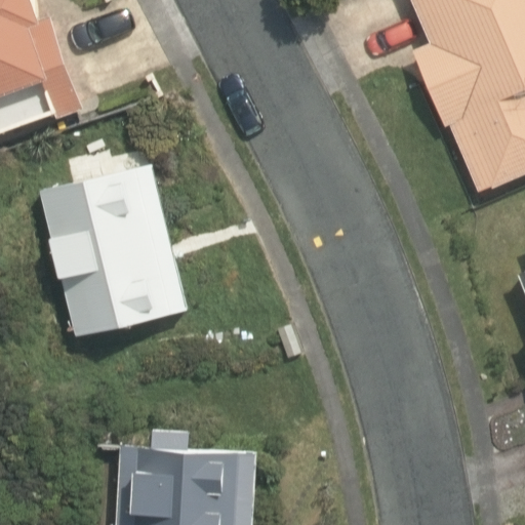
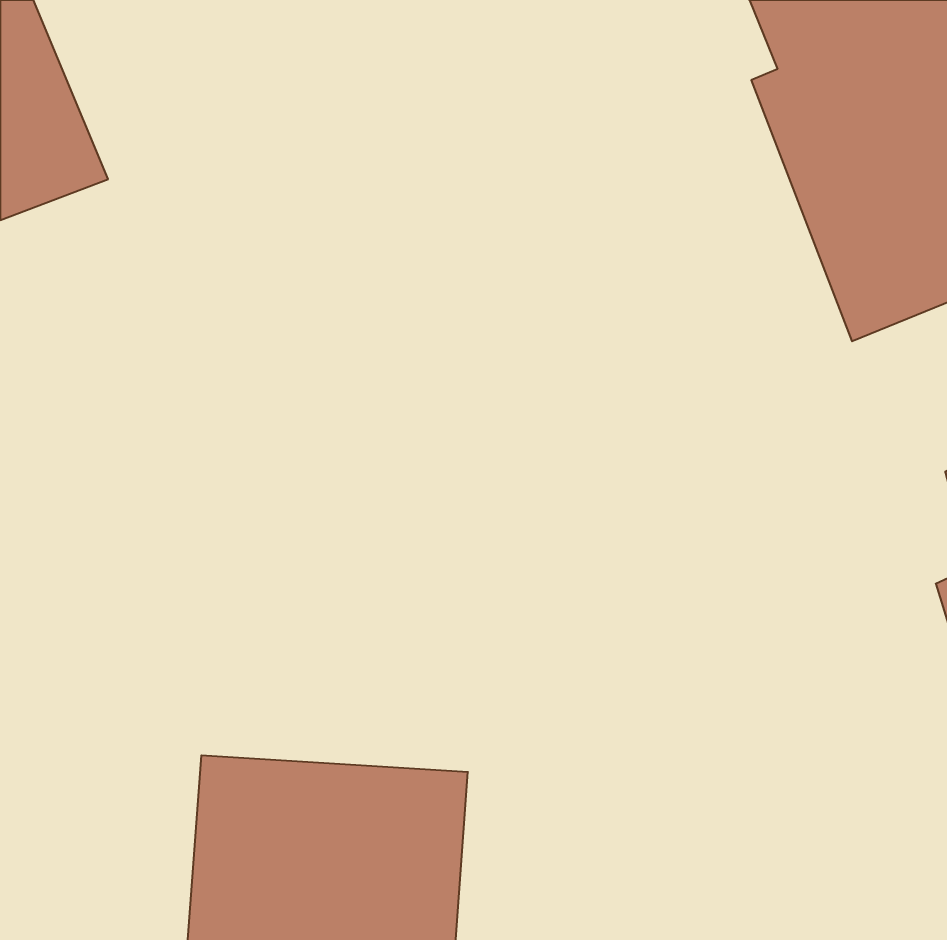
building: [29,150,193,340] -> none

